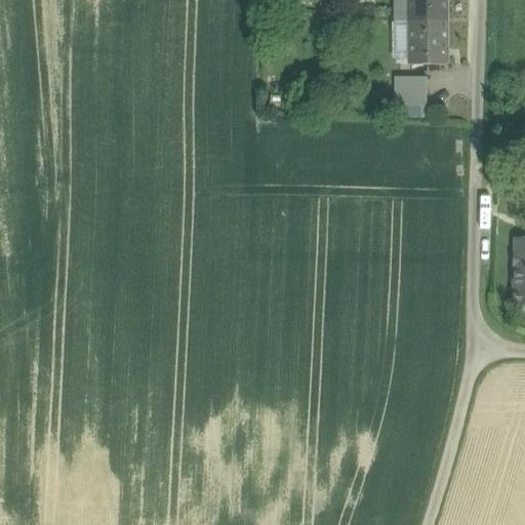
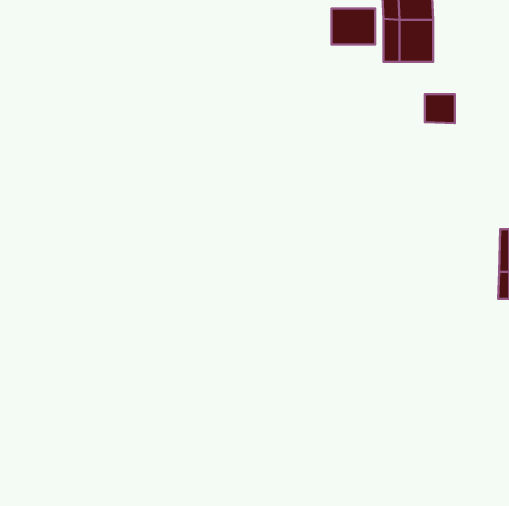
building: none -> [332,9,375,45]
building: [396,76,427,106] -> [425,94,455,123]

